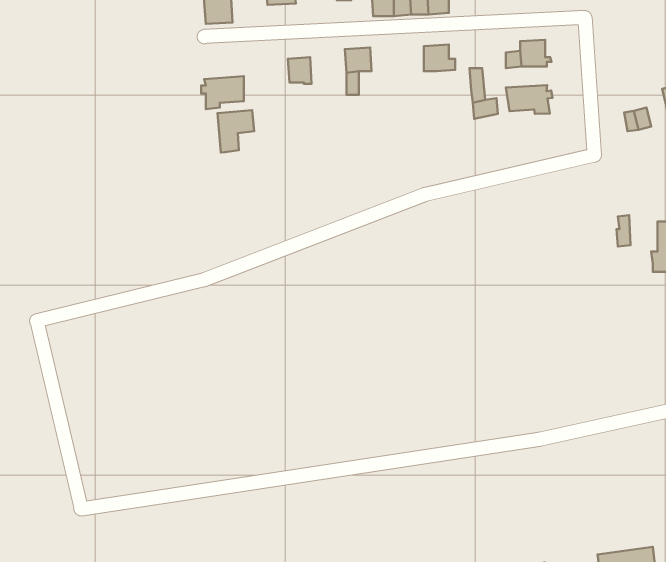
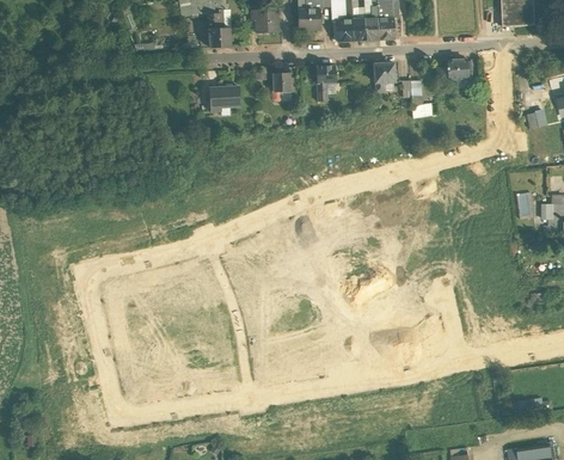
building: [506,85,552,114] -> none
building: [218,110,254,153] -> none

